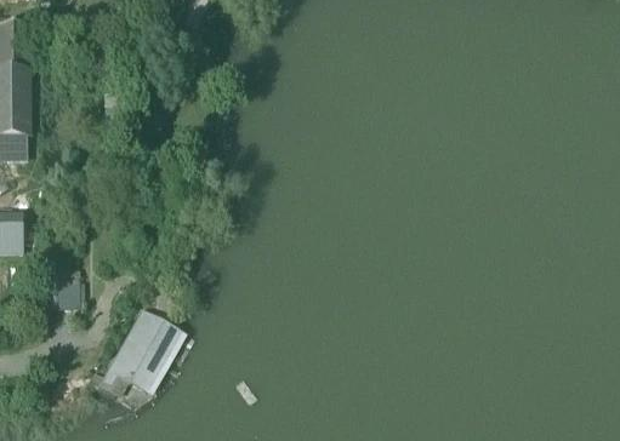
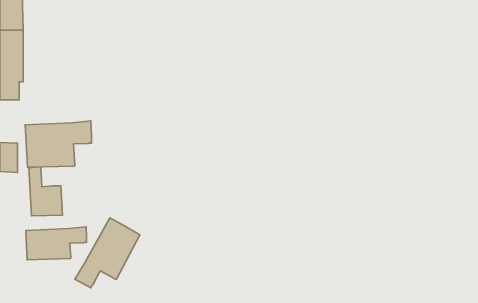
building: none -> [25,121,92,167]
building: none -> [26,227,87,260]

